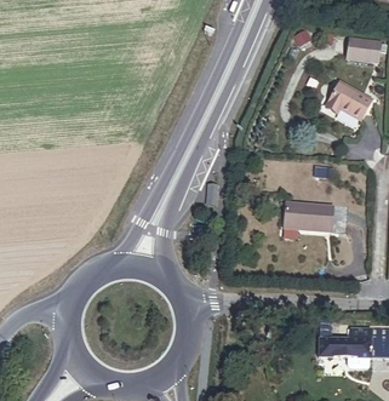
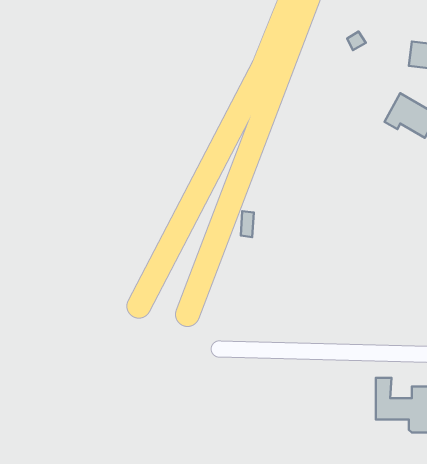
building: [285,200,333,229] -> none

